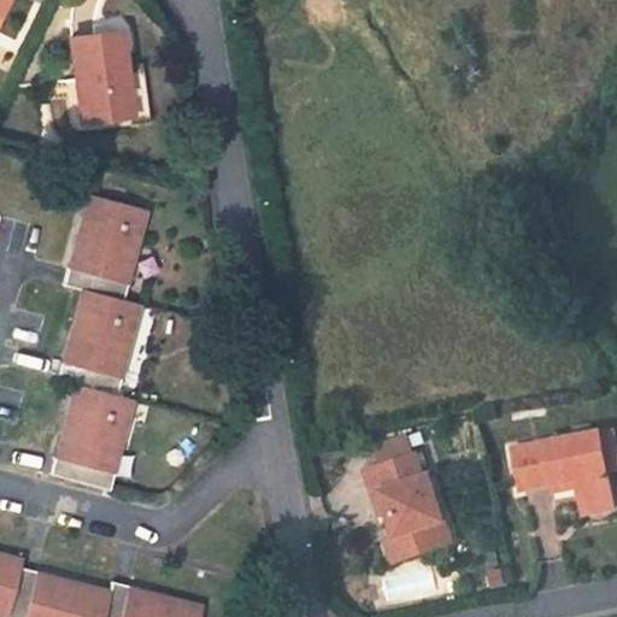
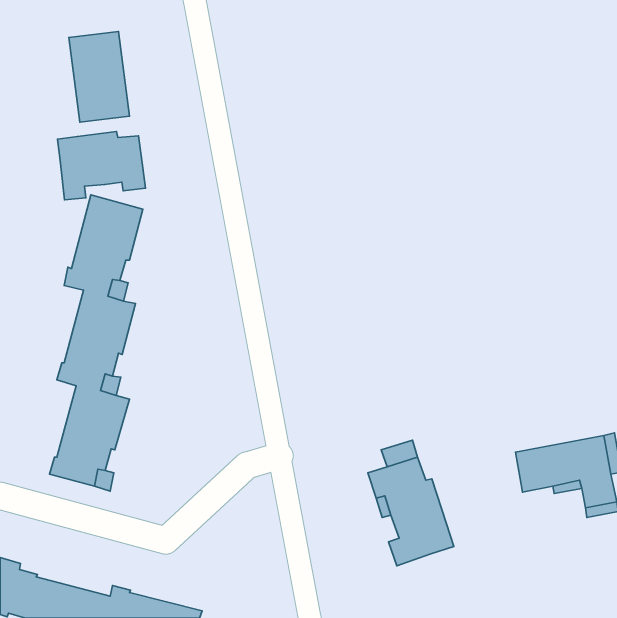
building: none -> [57,131,145,200]

